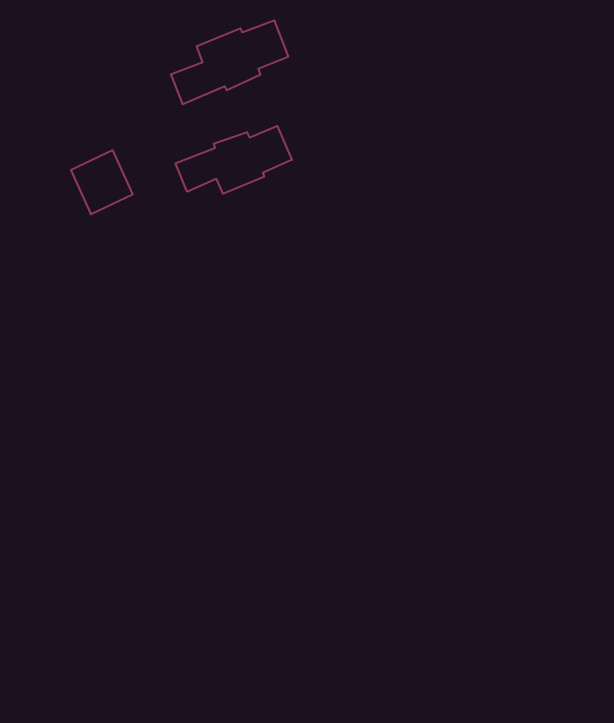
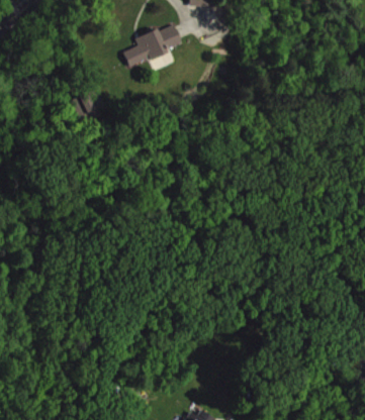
building: [175,126,292,194] -> none

